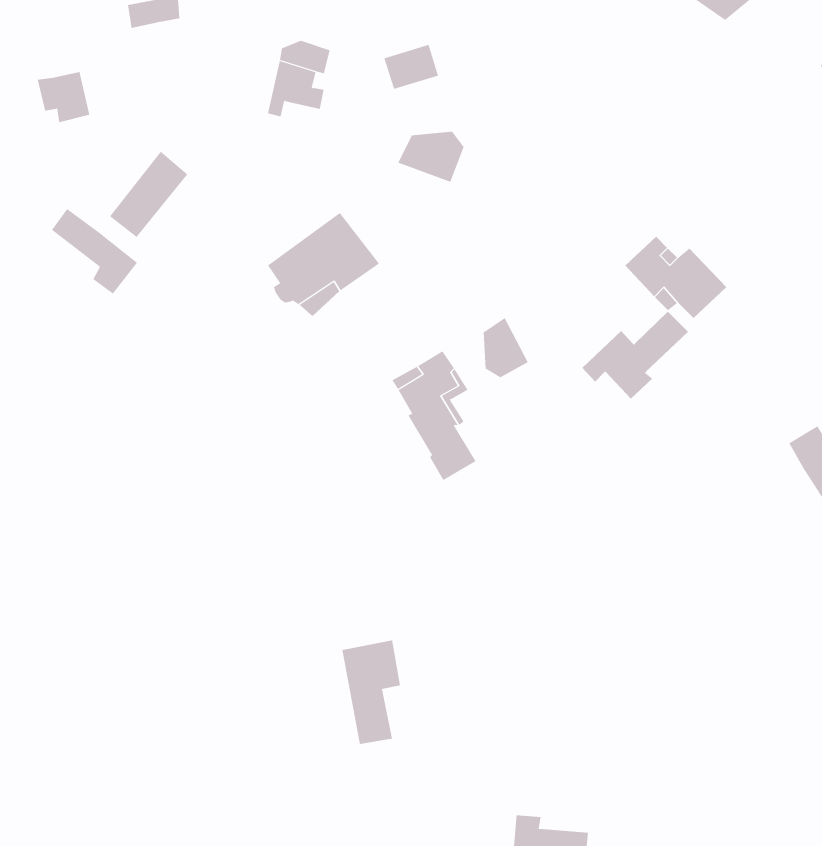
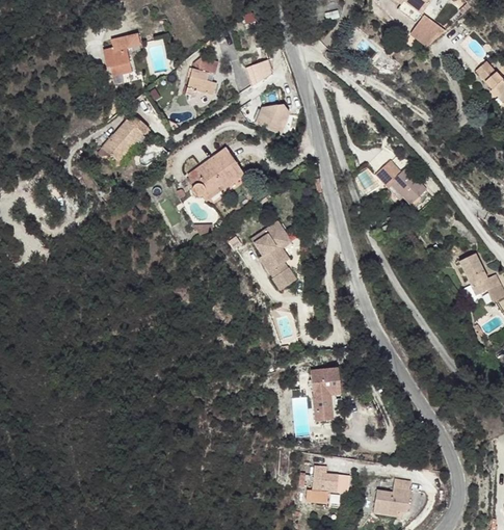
building: [37,72,90,123] -> [105,48,133,75]
building: [51,208,138,294] -> none
building: [582,311,689,400] -> none
building: [483,317,529,378] -> none
building: [342,640,401,745] -> [308,367,339,422]

